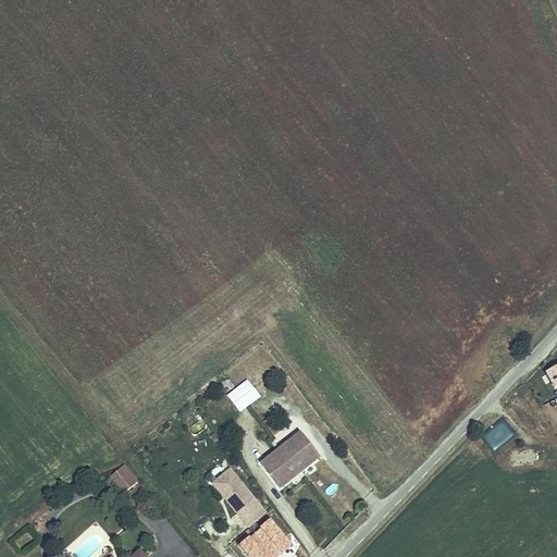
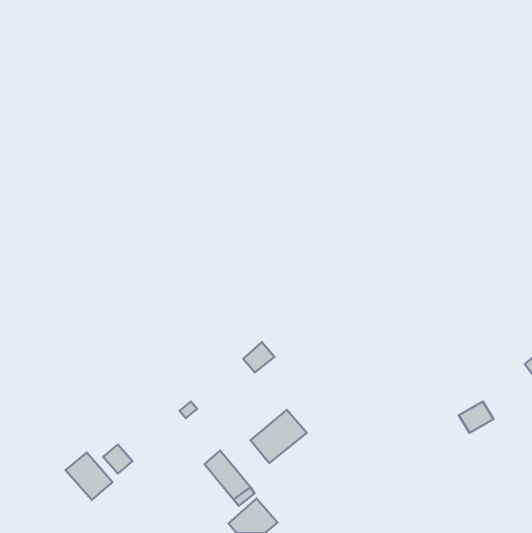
building: [227,377,260,409] -> [243,342,275,372]
building: none -> [65,452,112,500]

